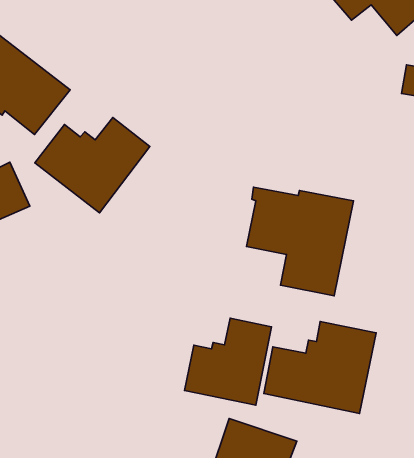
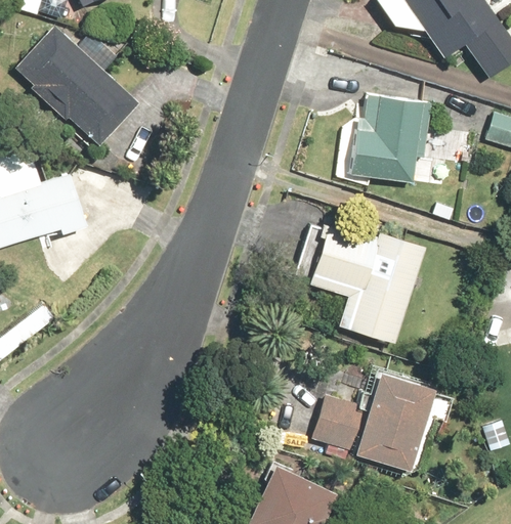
building: none -> [350,93,433,183]
building: [35,117,150,213] -> none
building: [184,318,271,405] -> none

